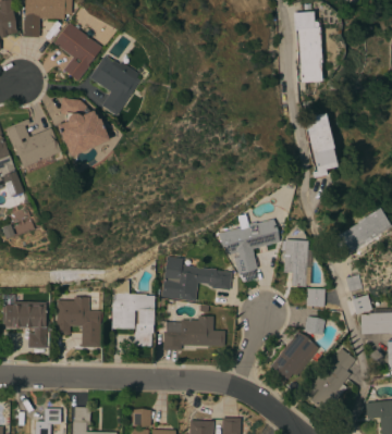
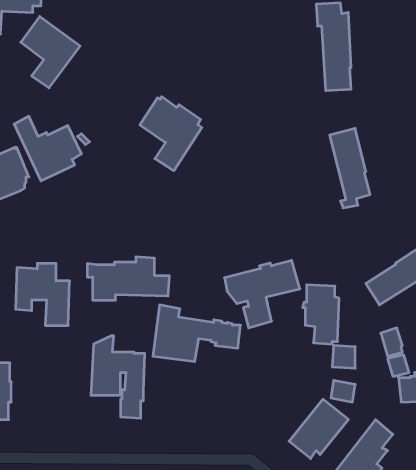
building: [89,55,139,115] -> [140,97,202,171]
building: [57,297,100,347] -> [16,263,70,325]
building: [159,315,225,350] -> [87,257,169,300]

